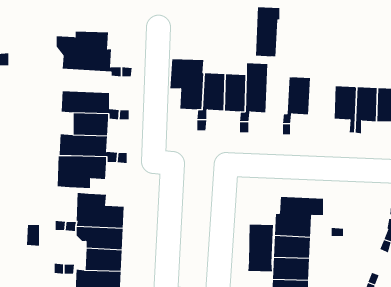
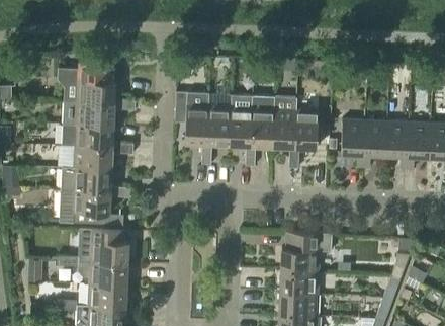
building: [255,7,280,57] -> [272,96,297,147]
building: none -> [65,101,114,126]
building: [248,224,274,272] -> none

